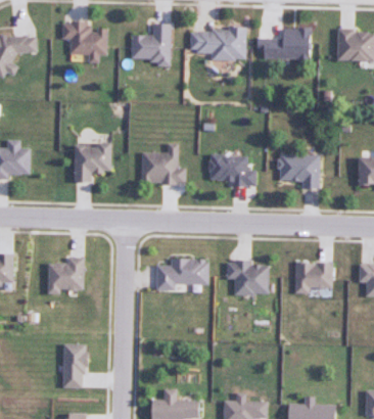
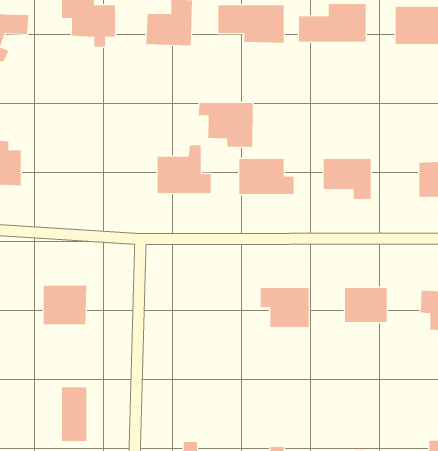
building: none -> [198,102,253,148]
building: [73,143,109,182] -> none
building: [155,258,207,290] -> none

